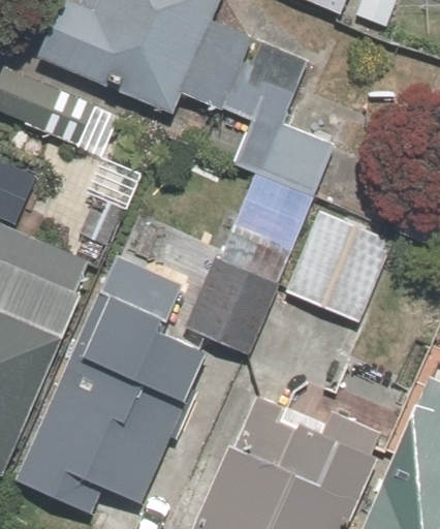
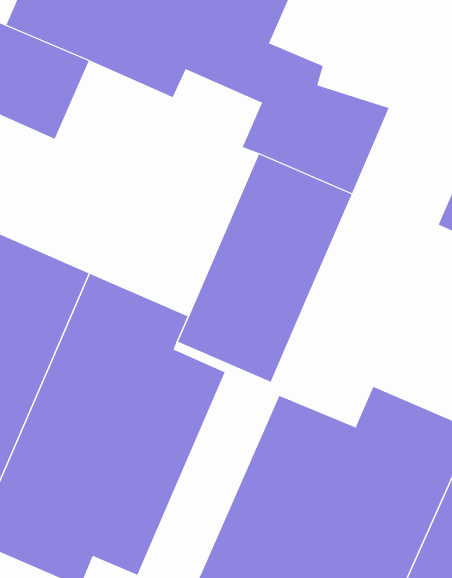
building: [283,203,398,323] -> none

